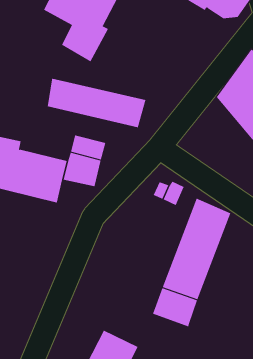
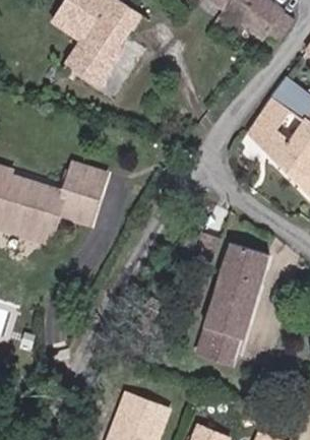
building: [47,78,146,128] -> none

